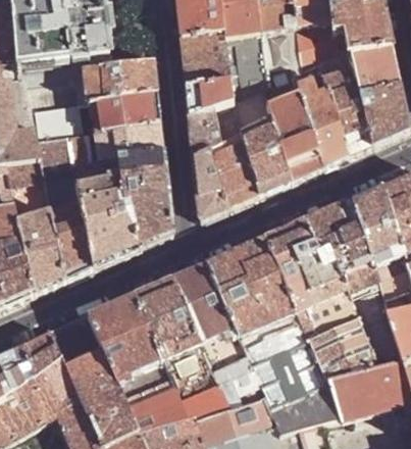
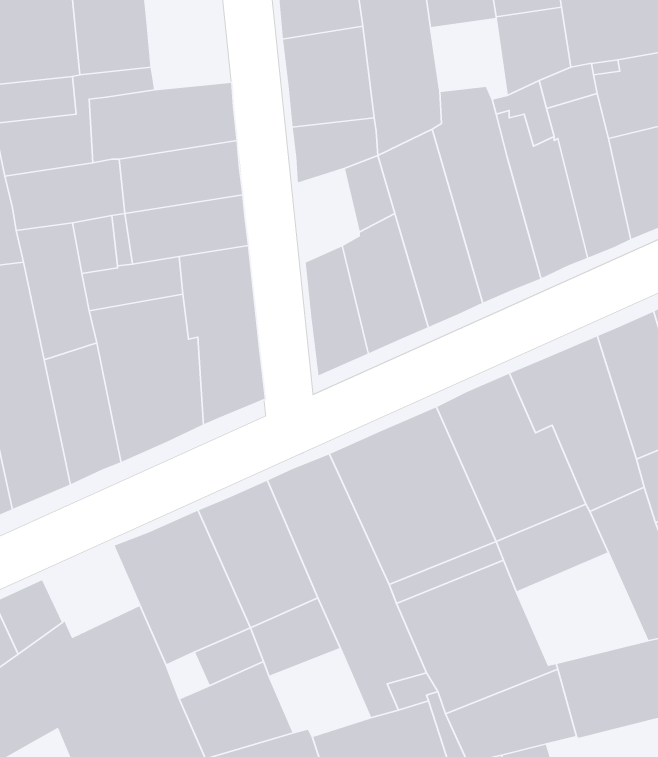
building: [262,26,304,69] -> none
building: [190,107,223,158] -> none
building: [51,312,104,362] -> none
building: [309,316,380,378] -> none
building: [174,368,229,416] -> none

